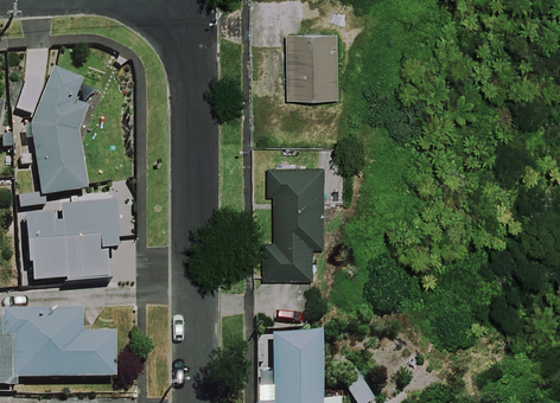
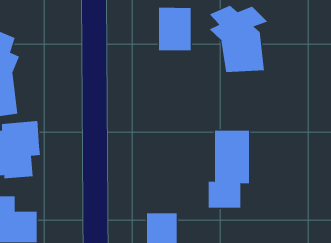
building: none -> [209,5,268,73]
building: [266,162,327,276] -> [208,130,250,208]

